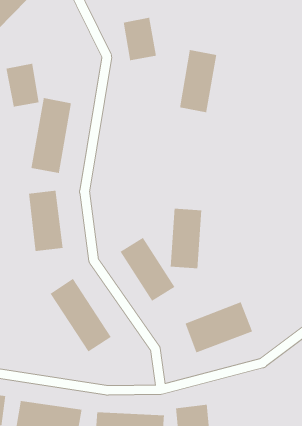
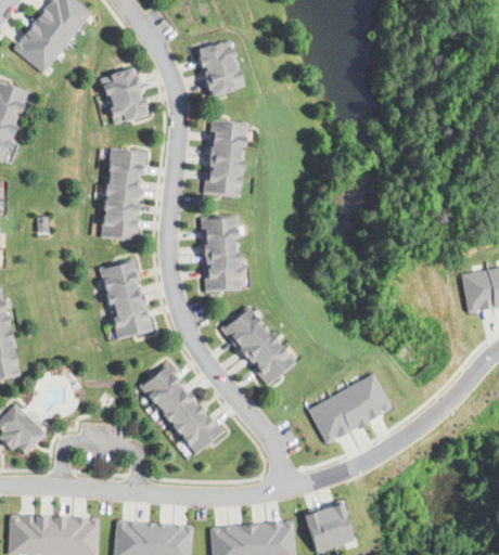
building: [179,49,217,113] -> [204,120,244,196]
building: [6,63,40,107] -> [102,67,148,124]
building: [170,208,202,269] -> [201,217,238,291]

